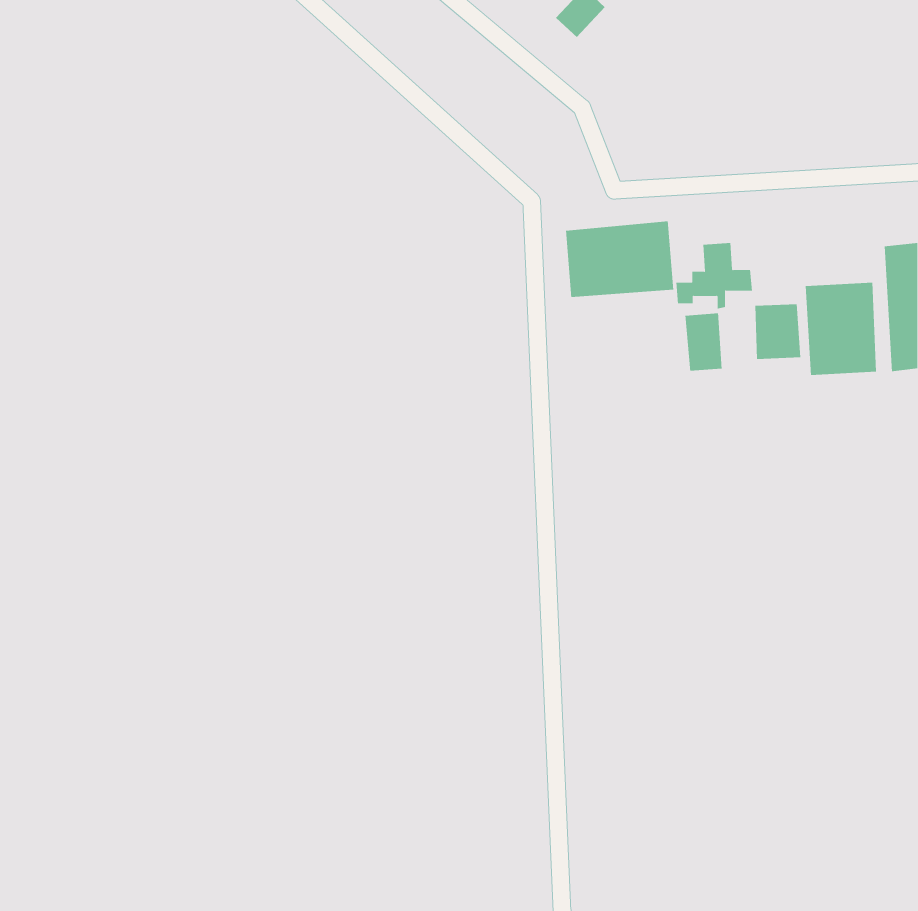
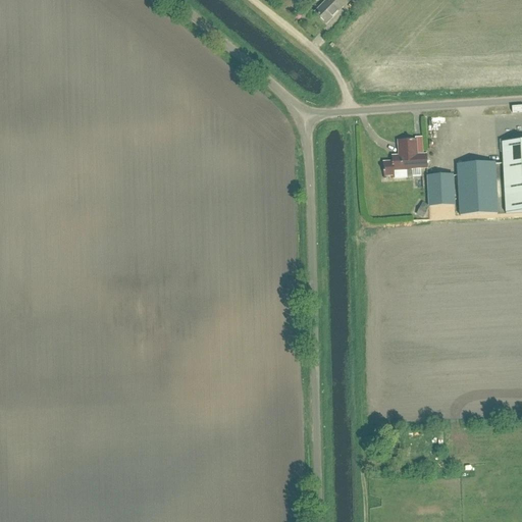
building: [565,220,674,298] -> none
building: [685,312,722,372] -> none

